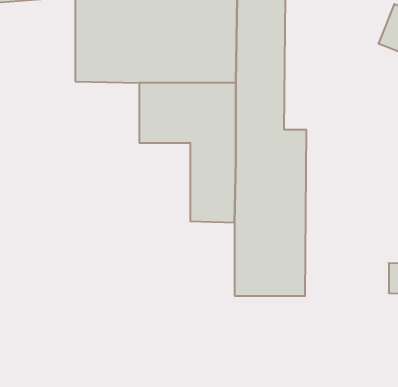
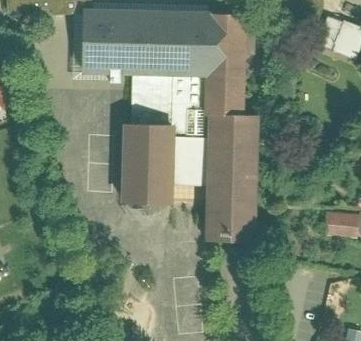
building: none -> [120,121,171,200]

